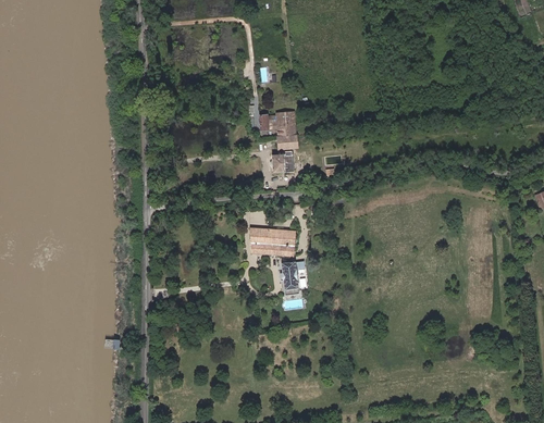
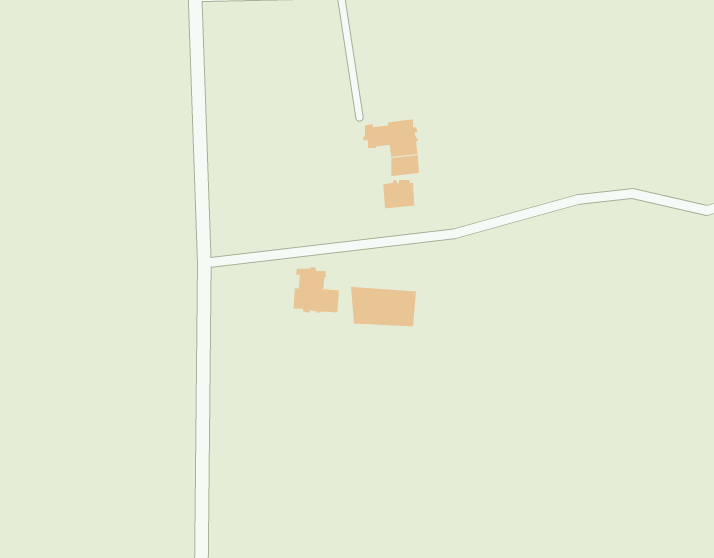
building: none -> [293,266,339,313]
building: [281,261,305,295] -> none

